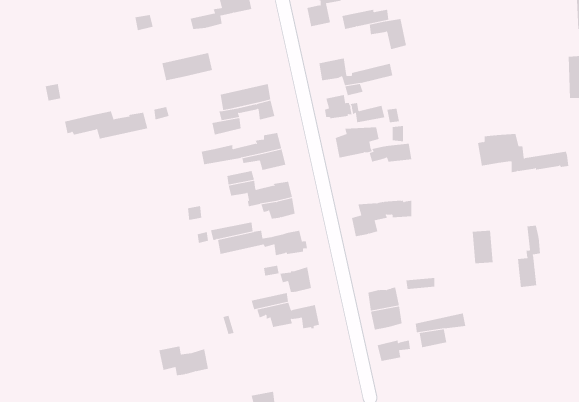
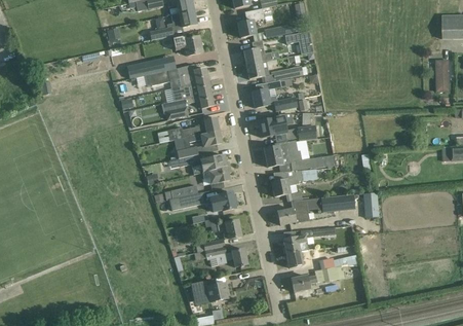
building: none -> [172,33,202,56]
building: none -> [243,40,272,65]
building: [64,111,148,139] -> [145,67,208,88]
building: [477,134,569,173] -> [265,141,335,171]
building: [517,225,540,288] -> none
building: none -> [320,193,355,212]
building: none -> [277,200,309,224]
building: [159,346,209,376] -> [190,280,228,302]

